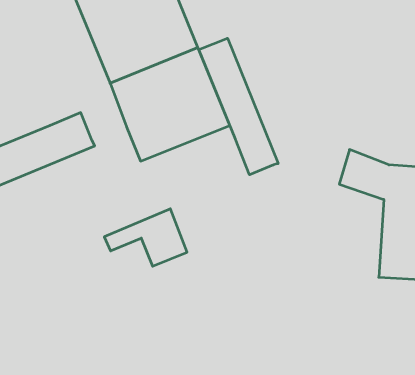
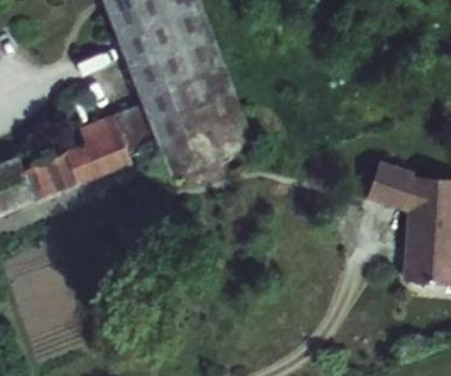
building: [199,38,278,175] -> none
building: [104,209,187,266] -> [87,101,164,154]

